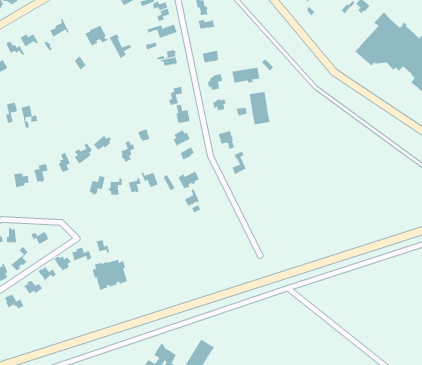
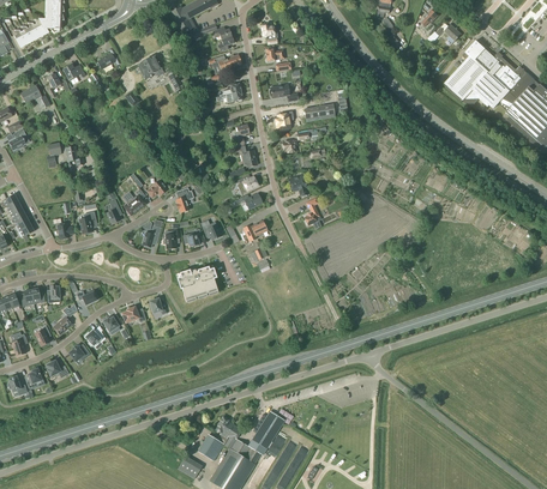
building: [249,91,270,125] -> none
building: [92,259,128,291] -> [176,266,217,302]

